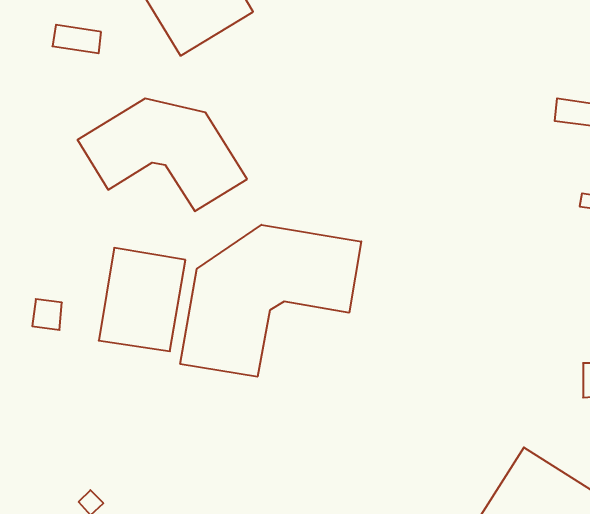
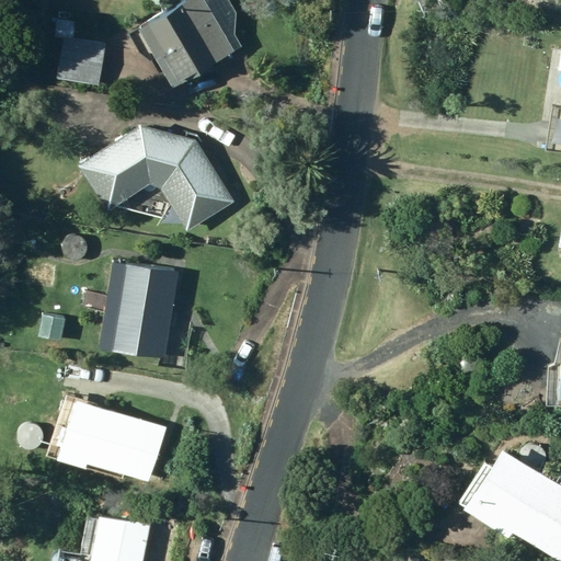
building: [180,225,361,377] -> none
building: none -> [59,401,165,481]

